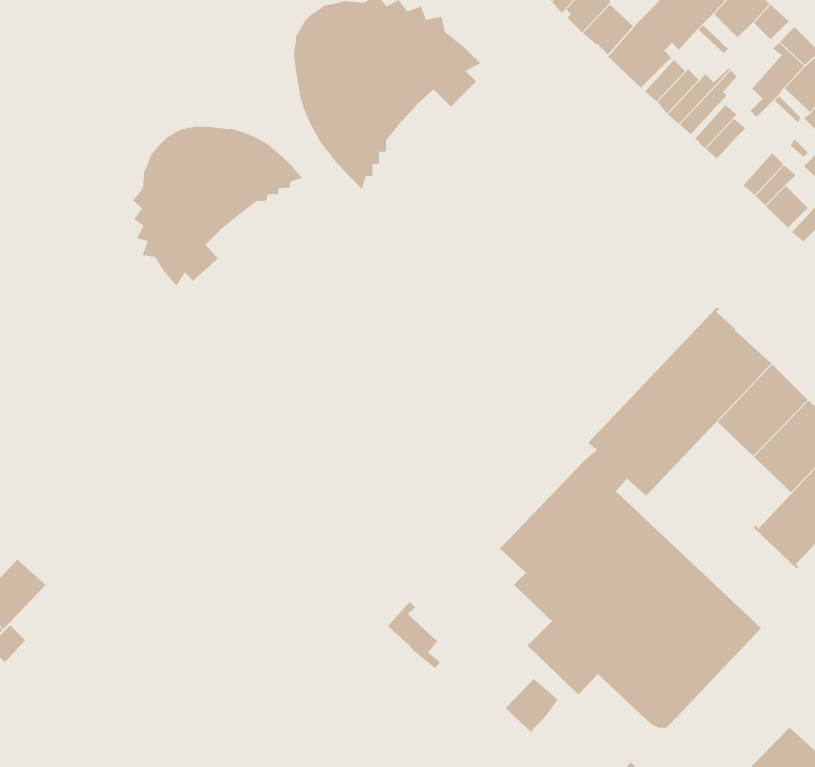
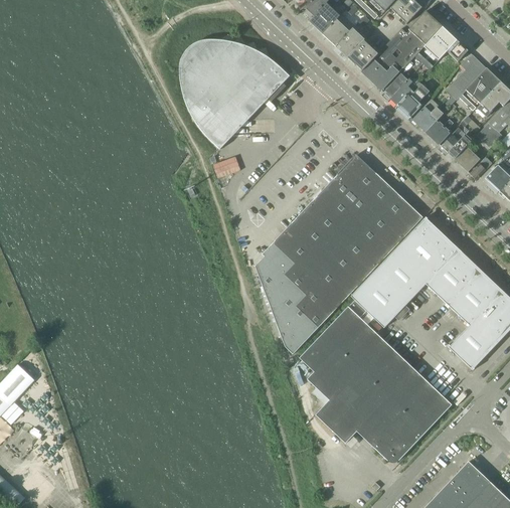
building: [132,126,303,287] -> none
building: none -> [427,119,454,144]
building: none -> [256,154,423,353]
building: [387,601,441,669] -> none
building: [505,678,559,733] -> none

